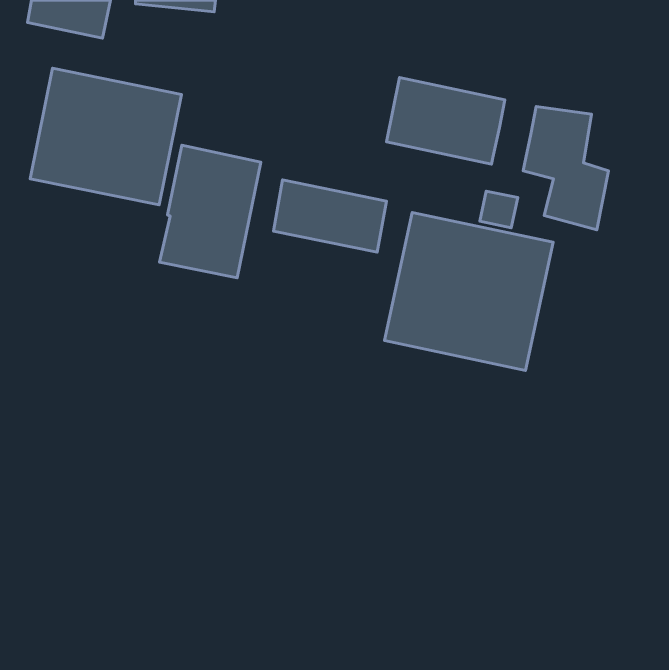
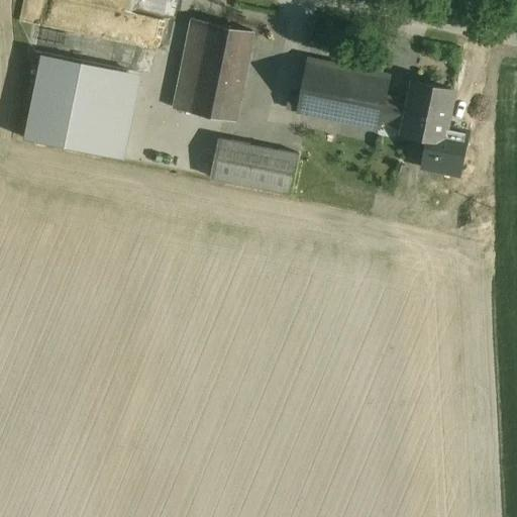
building: [160,145,261,278] -> [173,19,250,121]
building: [480,191,518,228] -> [379,99,408,127]
building: [385,212,553,371] -> none

